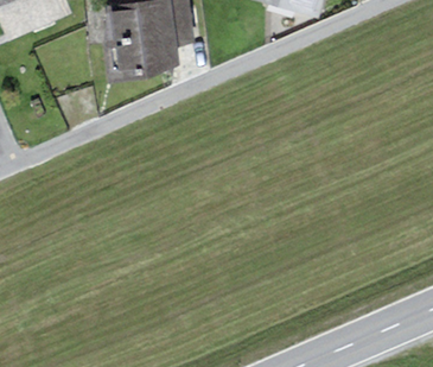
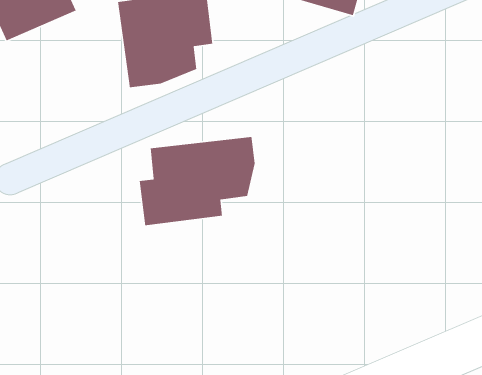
building: none -> [139,136,256,226]

